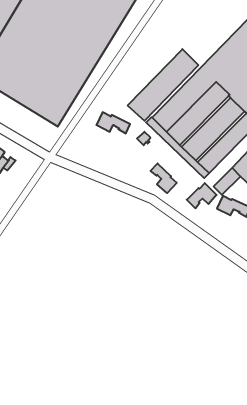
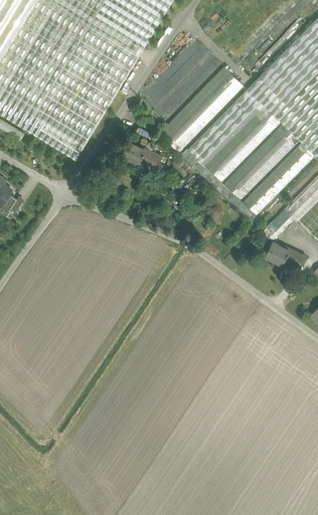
building: none -> [140,38,224,122]
building: [151,163,177,193] -> none
building: [187,183,217,208] -> none

